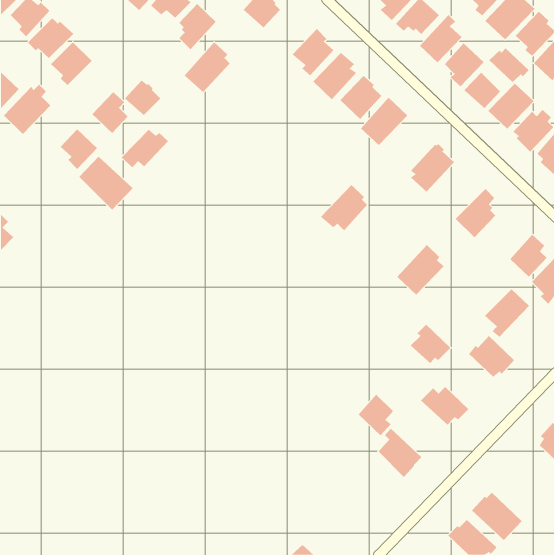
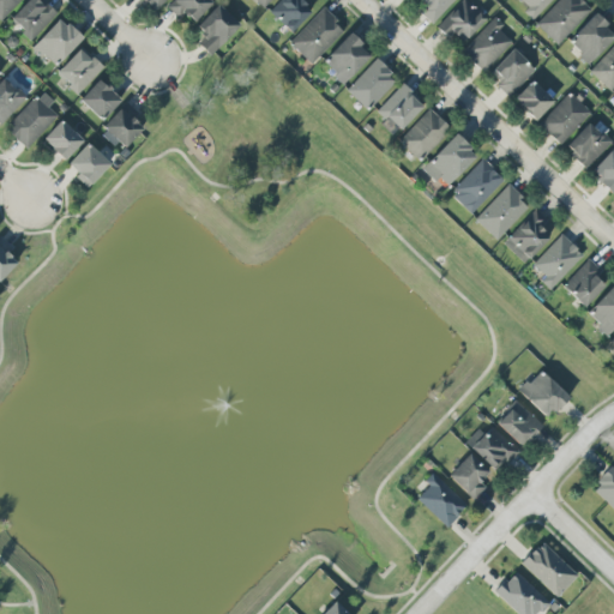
building: [184,42,230,93] -> [291,6,343,62]
building: [489,48,530,83] -> none
building: [124,80,161,116] -> [80,79,121,119]
building: none -> [43,119,83,158]
building: [121,129,169,168] -> none
building: [79,156,133,211] -> none
building: [320,184,368,231] -> [422,133,475,185]
building: [396,244,444,295] -> [476,182,529,239]
building: [484,289,530,338] -> [534,234,584,288]
building: [410,324,451,364] -> [498,399,543,444]
building: [358,394,394,436] -> [450,452,489,499]

